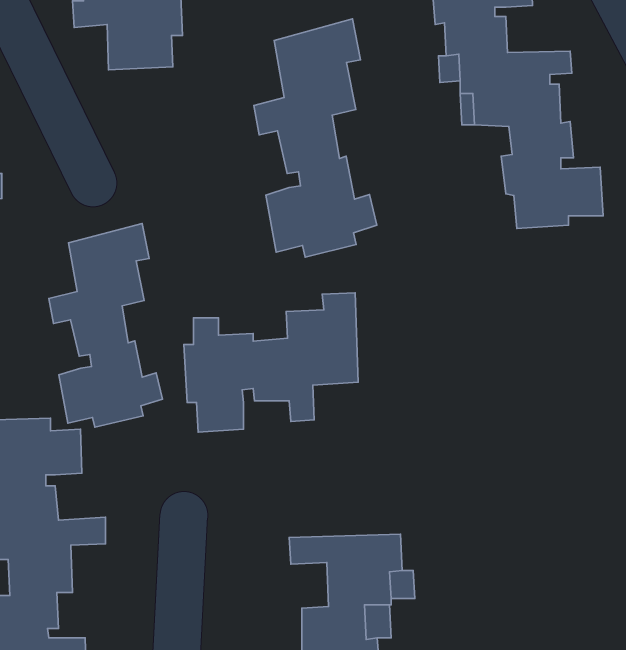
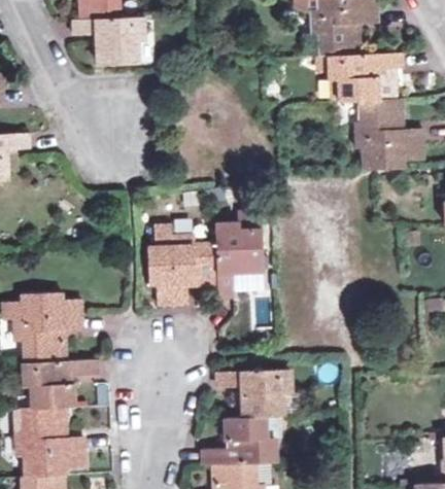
building: [254,19,377,257] -> none
building: [49,224,163,427] -> none

